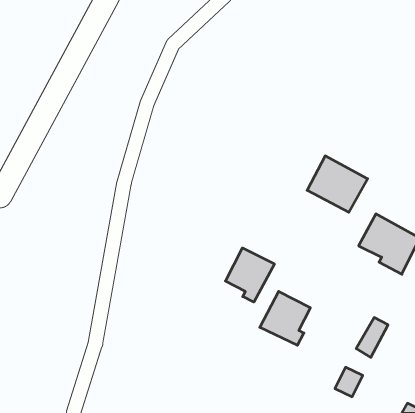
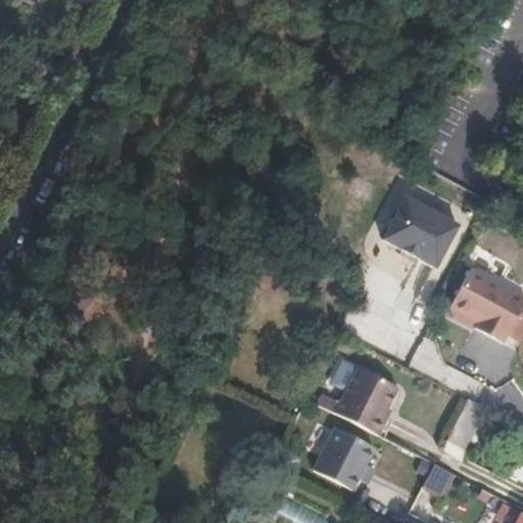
building: [225,248,274,302] -> none
building: none -> [311,426,372,488]

